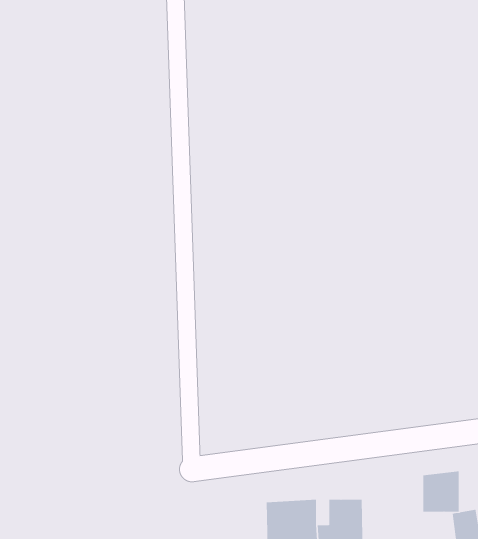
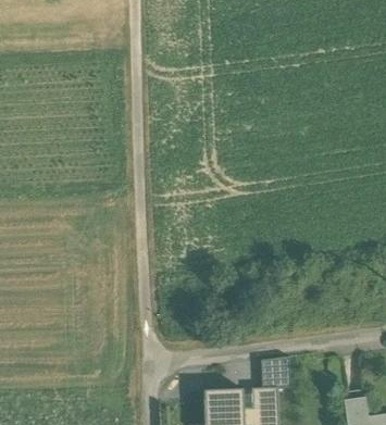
building: [423,471,460,512] -> [261,357,289,388]

